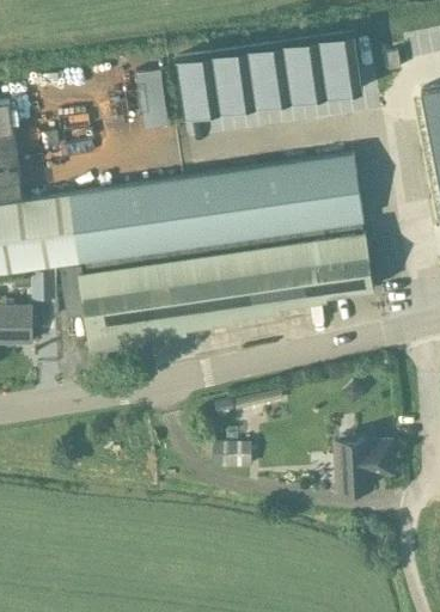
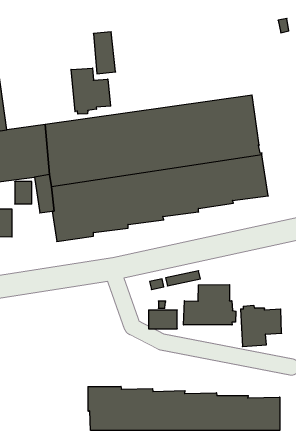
building: [176,39,359,127] -> none
building: none -> [71,68,111,114]
building: none -> [184,285,236,325]
building: none -> [88,386,280,430]

